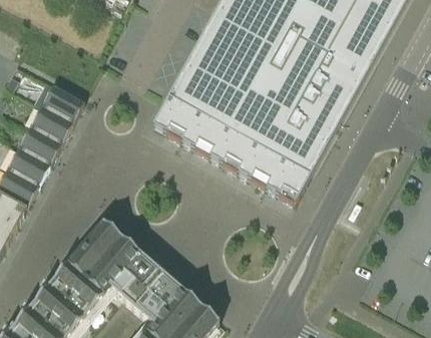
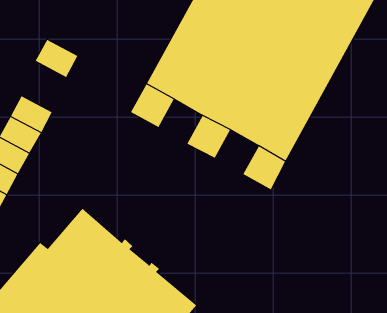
building: [41,86,85,125] -> [35,39,78,78]
building: [181,112,226,157] -> none
building: [239,143,283,189] -> none

